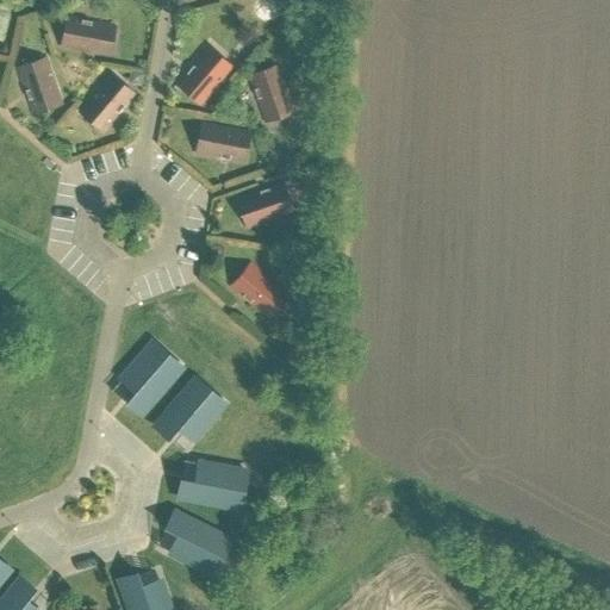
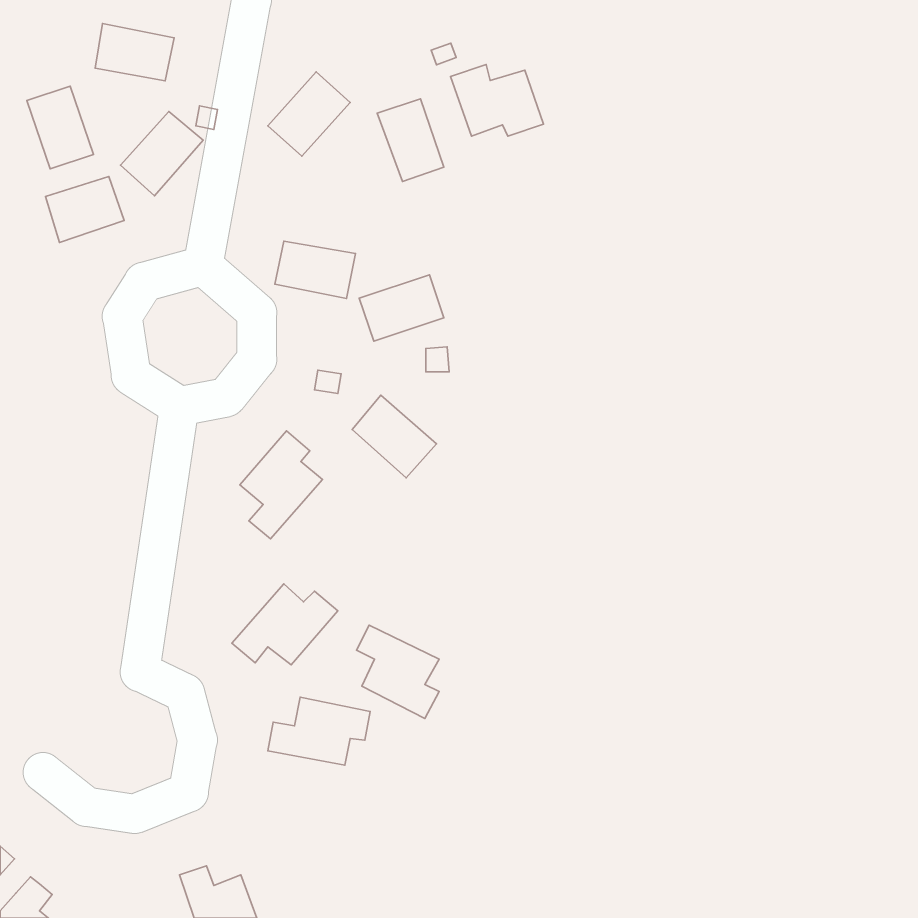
building: none -> [450,65,543,136]
building: none -> [46,176,124,242]
building: [197,123,250,161] -> [275,241,356,299]
building: [120,343,175,415] -> [240,431,323,539]
building: [166,512,220,574] -> [356,625,439,719]

